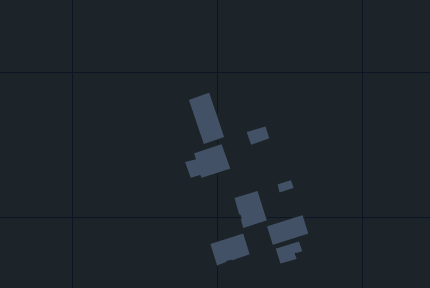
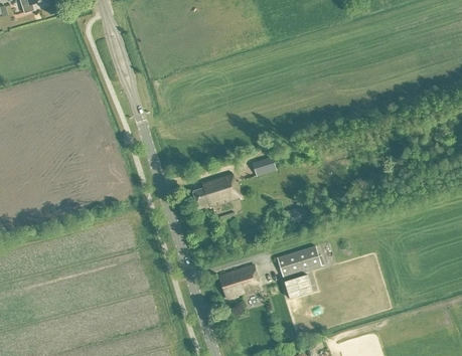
building: [188,92,225,145] -> none
building: [234,190,267,229] -> none

